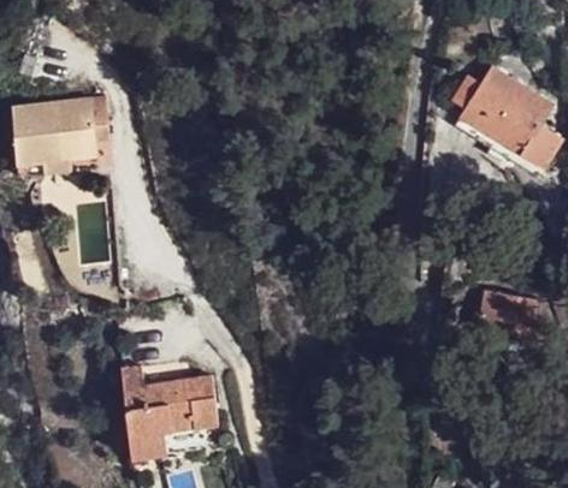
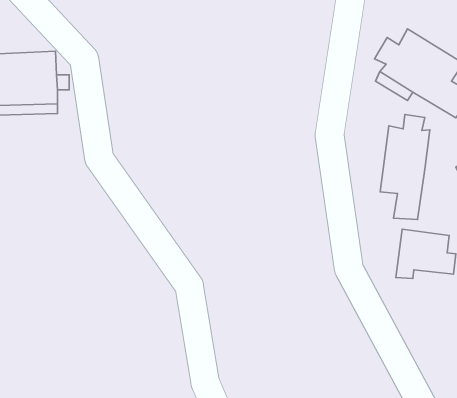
building: none -> [380,115,430,220]
building: [122,368,221,456] -> none

